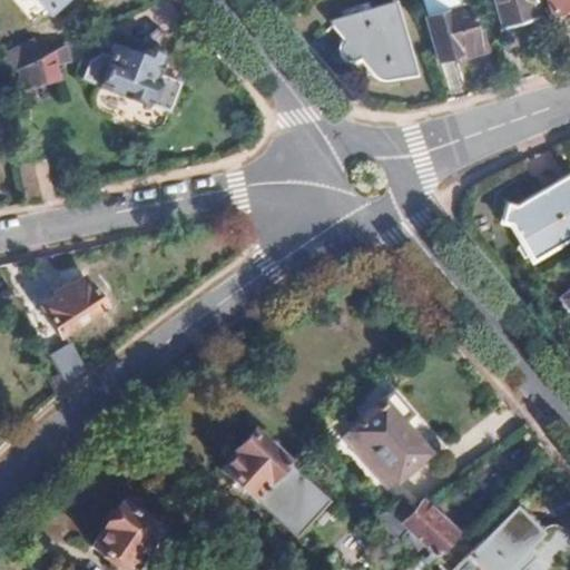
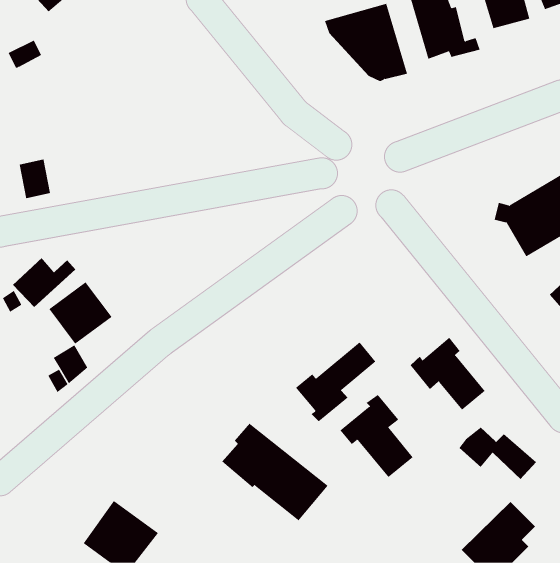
building: [22,45,72,88] -> none
building: [85,49,183,115] -> none
building: none -> [410,337,485,410]
building: none -> [295,342,376,422]
building: [381,498,460,551] -> [459,427,537,480]

